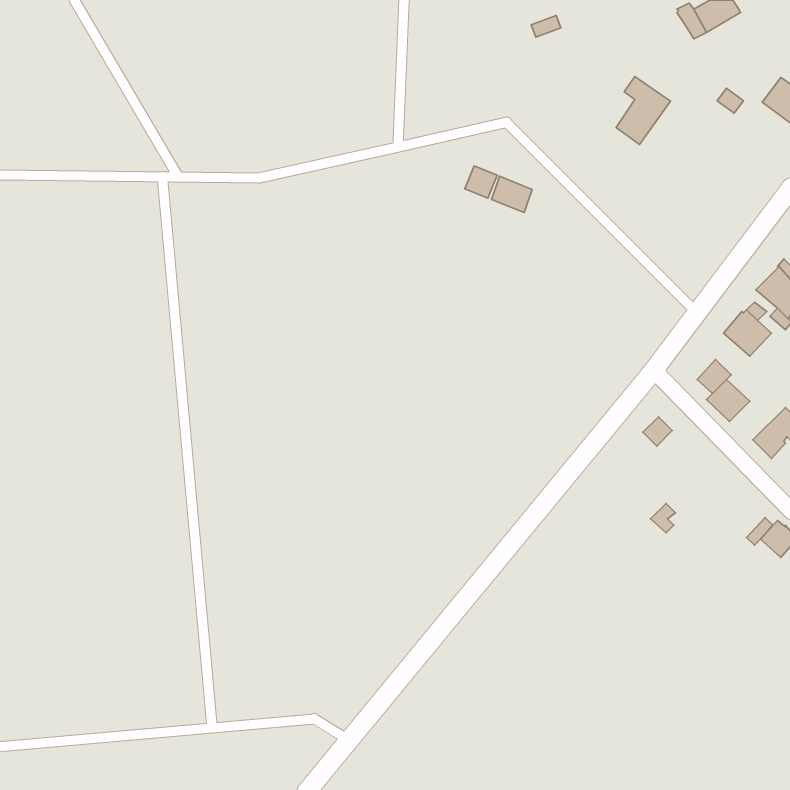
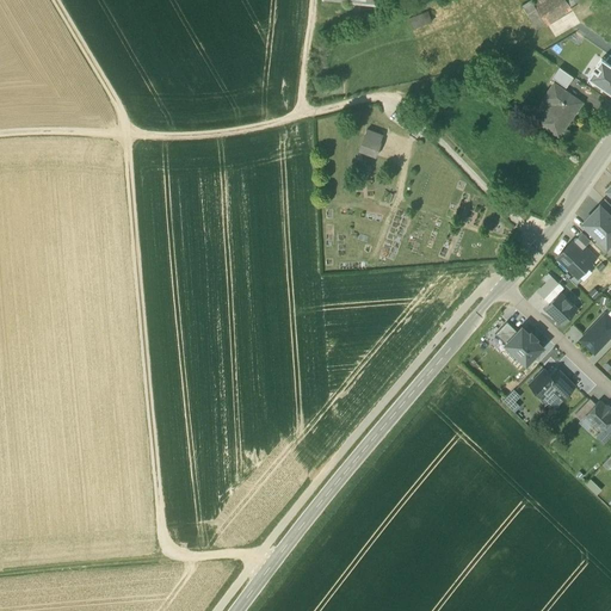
building: [616,76,670,145] -> [541,84,582,136]
building: [491,176,532,212] -> none
building: none -> [507,329,543,364]
building: none -> [530,369,575,400]

